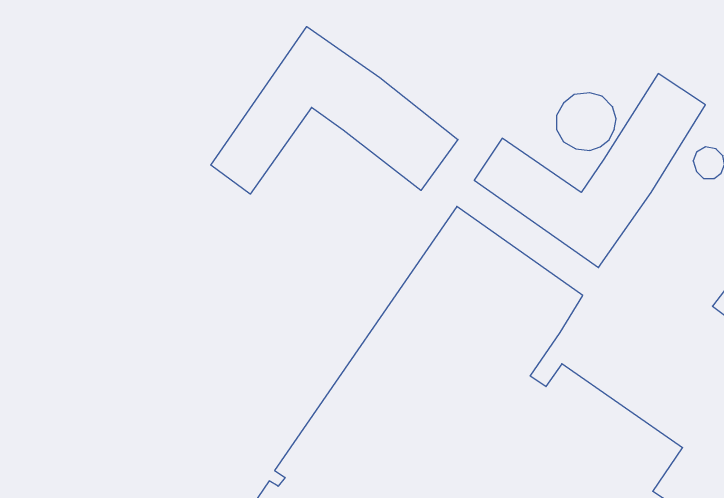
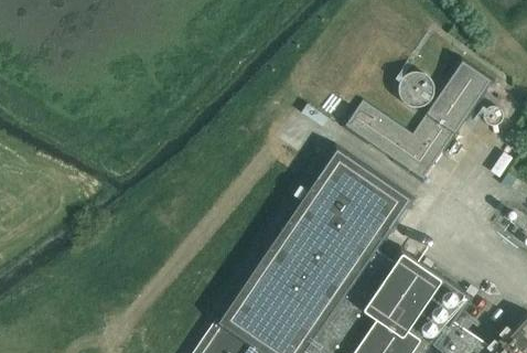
building: [211,27,458,194] -> none

